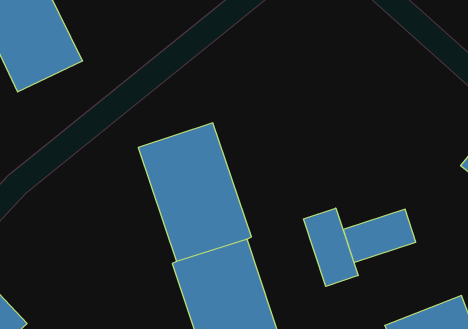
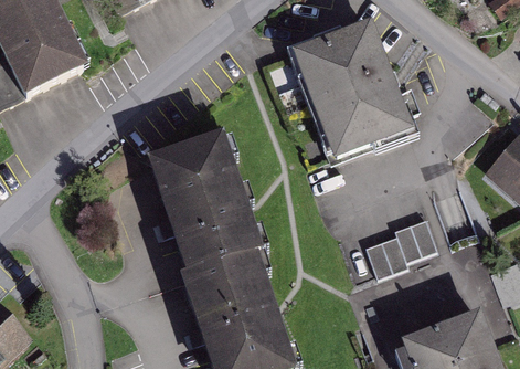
building: none -> [290,19,414,162]
building: [304,208,358,286] -> none

